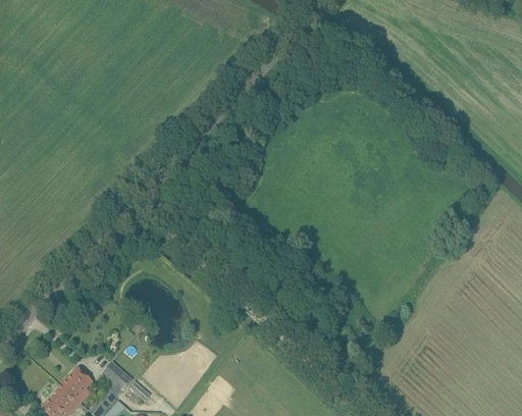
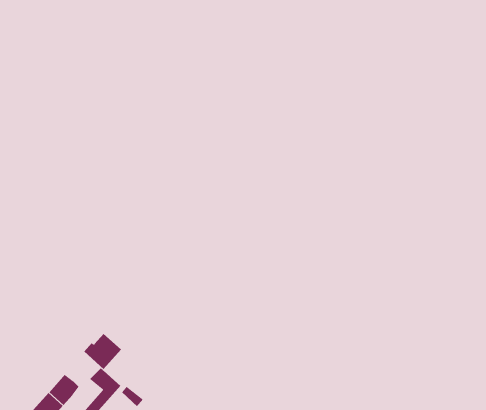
building: none -> [83,333,122,370]

